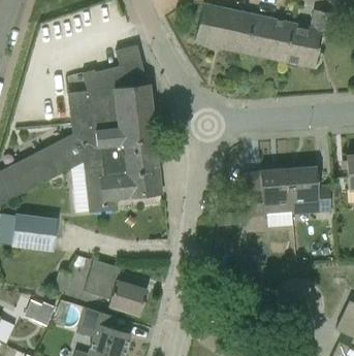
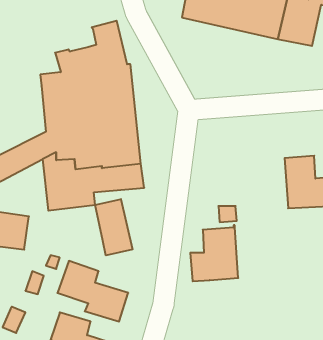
building: [249,166,292,217] -> [190,225,238,281]
building: none -> [95,199,133,255]

